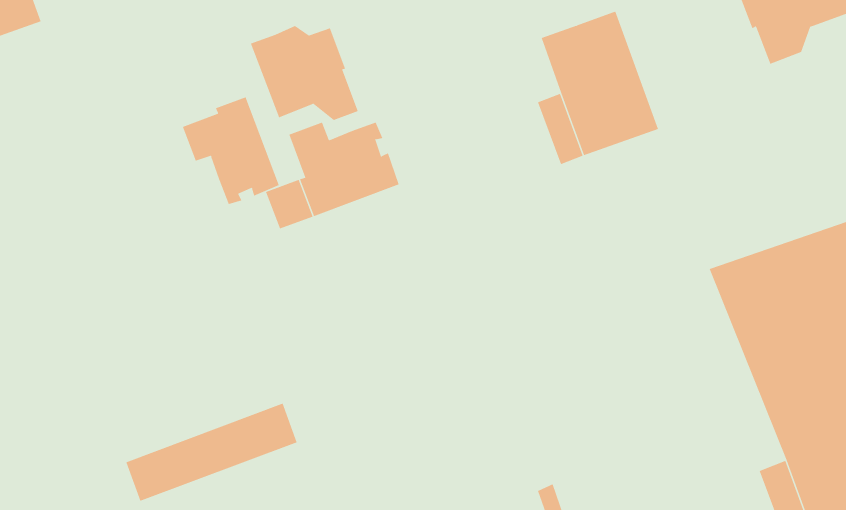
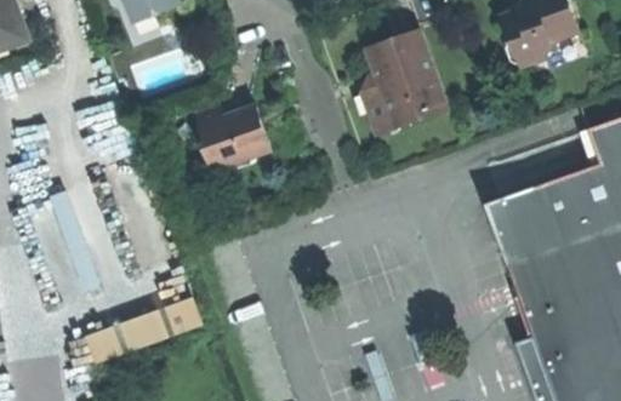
building: [250,25,359,121] -> none
building: [182,96,279,205] -> none

